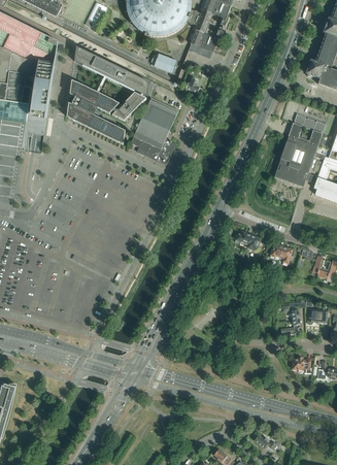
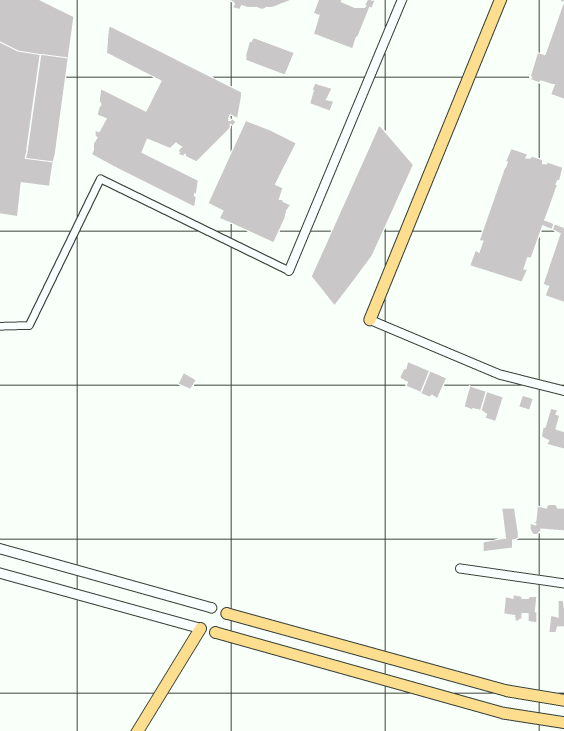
building: none -> [311,125,413,306]

